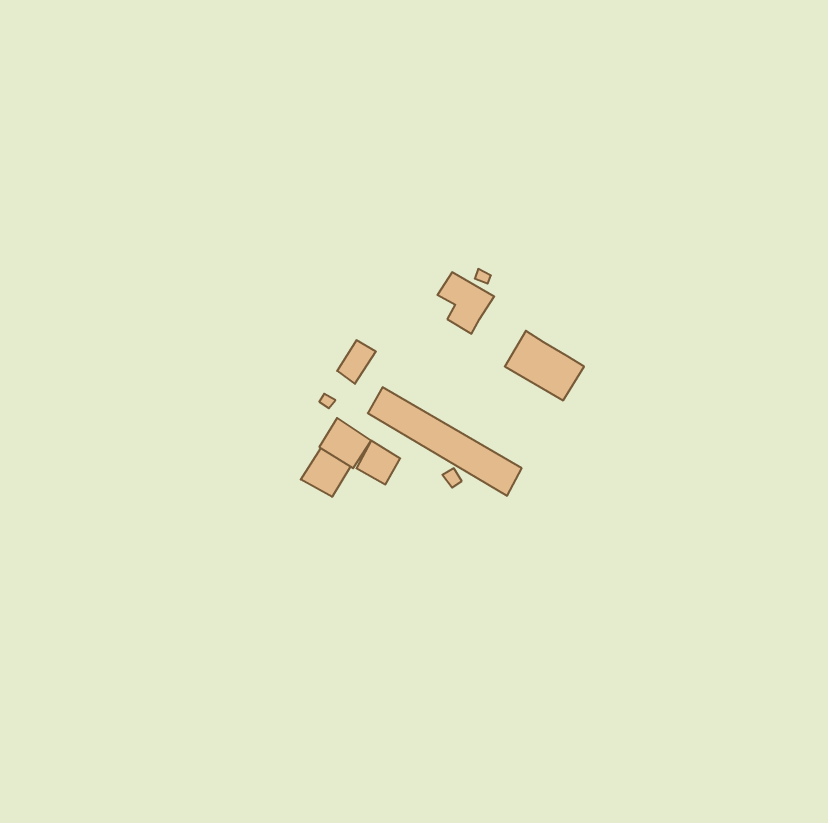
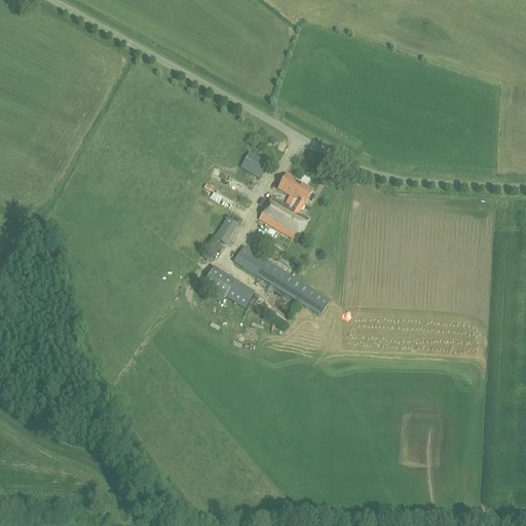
building: none -> [239,150,267,177]
building: [505,331,584,400] -> [259,195,309,239]
building: [301,448,351,497] -> none

